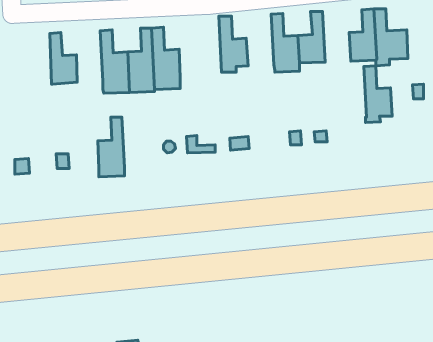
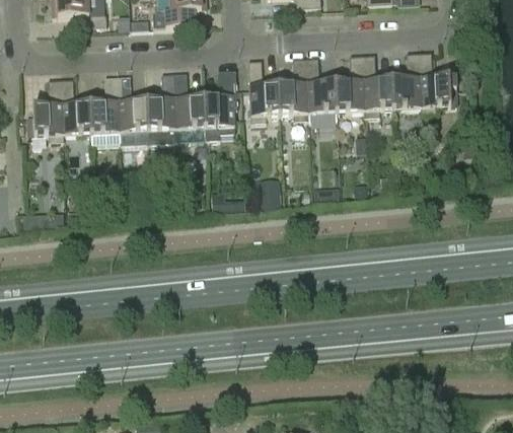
building: none -> [278,56,309,118]
building: none -> [204,68,237,138]
building: none -> [27,77,64,139]
building: [364,66,392,123] -> [362,52,393,115]
building: [98,117,125,177] -> [90,74,120,140]

